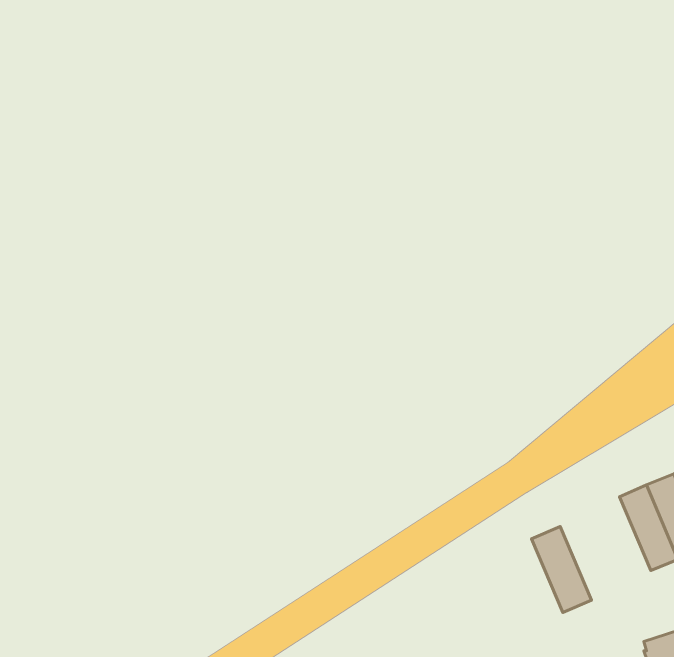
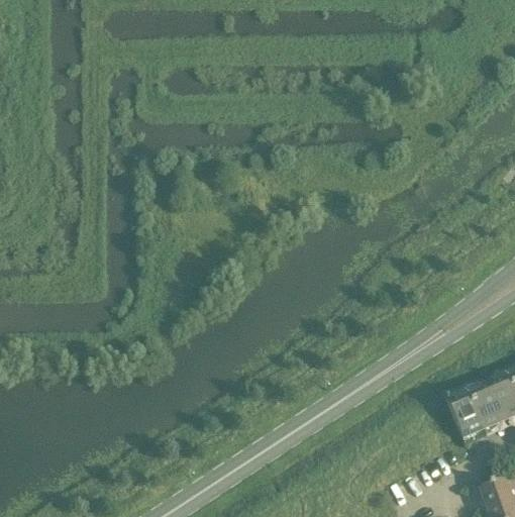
building: [531,527,591,612] -> [445,384,490,447]

